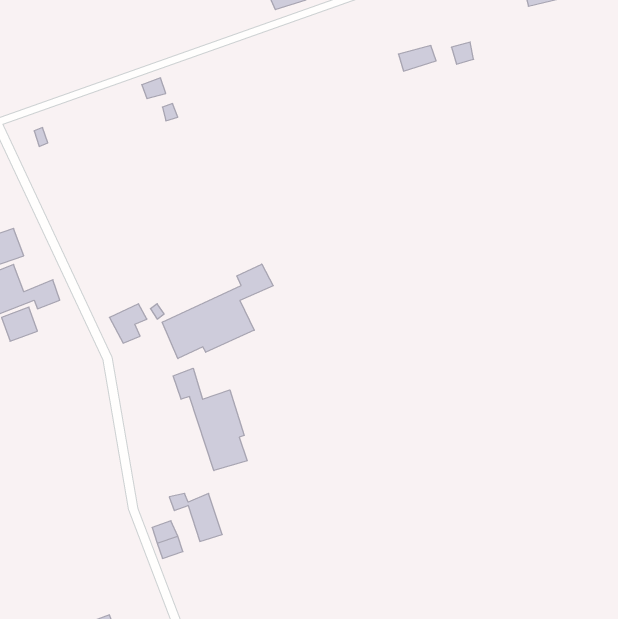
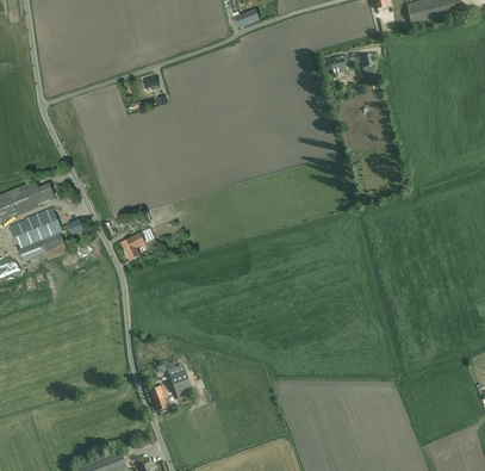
building: [162,264,273,359] -> none
building: [173,368,247,471] -> none

